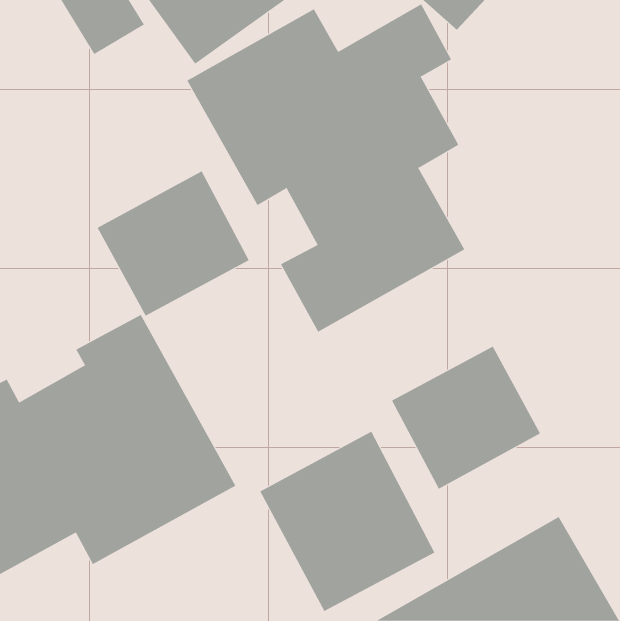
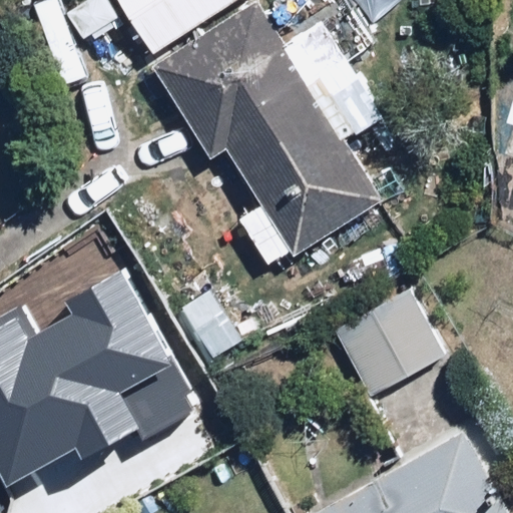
building: [97,170,249,317] -> none
building: [259,431,435,612] -> none

